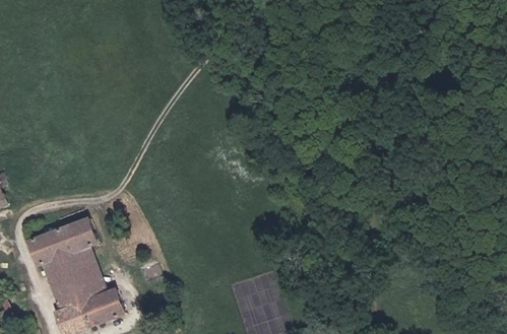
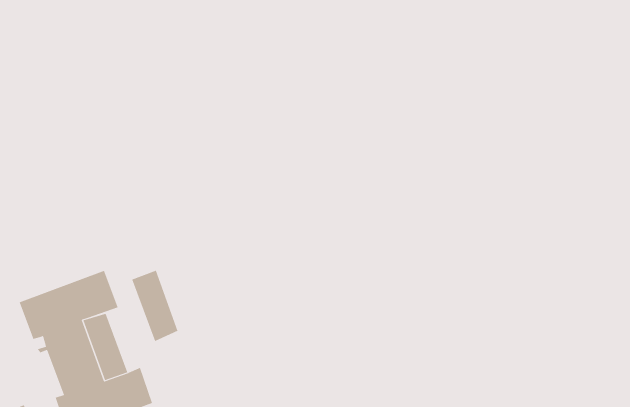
building: none -> [132,270,178,342]

